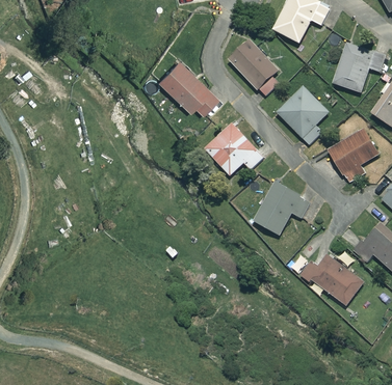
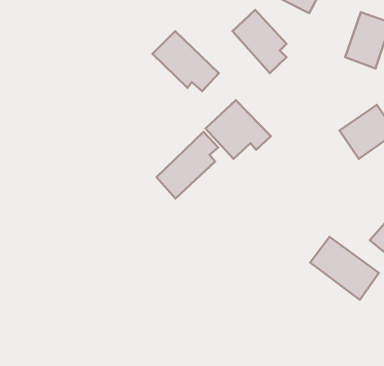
building: [277,86,330,144] -> none
building: none -> [156,132,218,198]
building: [254,180,312,235] -> none

